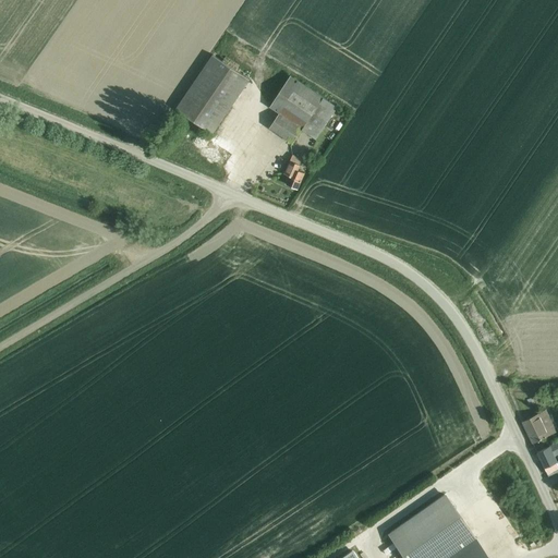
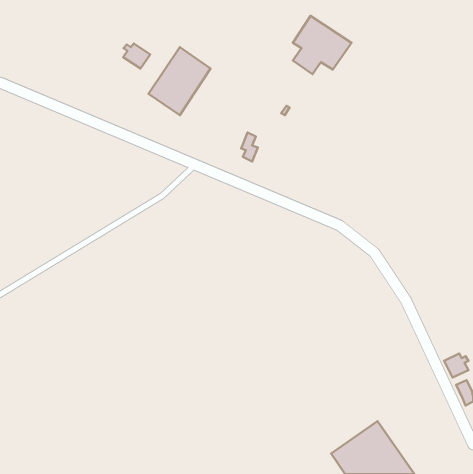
building: none -> [123,43,150,68]
building: [268,75,337,144] -> [293,16,351,74]

